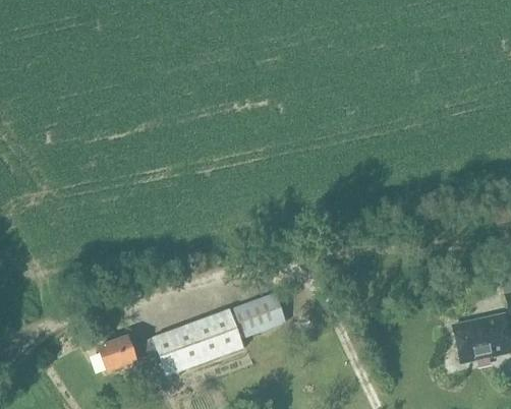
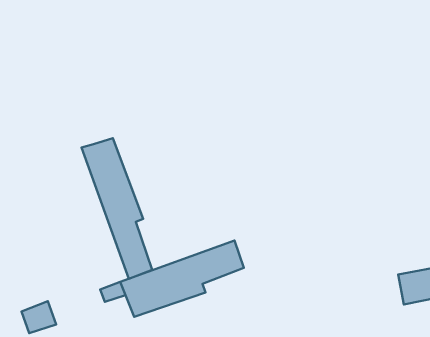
building: none -> [81,138,152,279]
building: [99,336,136,370] -> [22,301,56,333]

